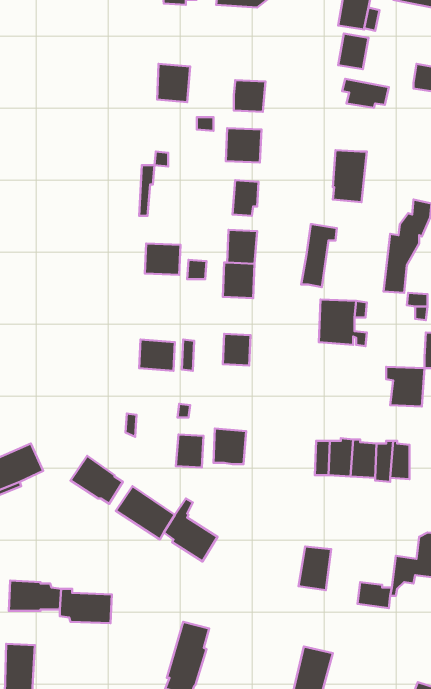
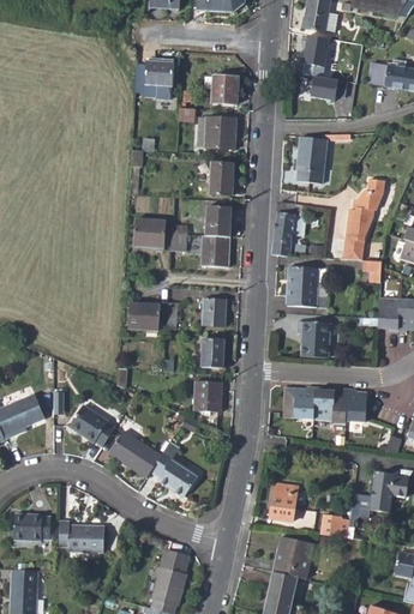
building: [386,367,425,407] -> [296,321,330,356]
building: [176,435,203,467] -> [200,338,224,367]
building: none -> [272,536,313,578]

